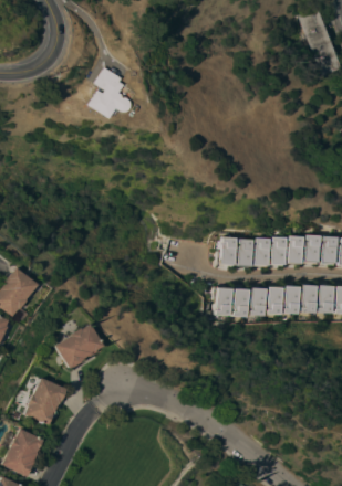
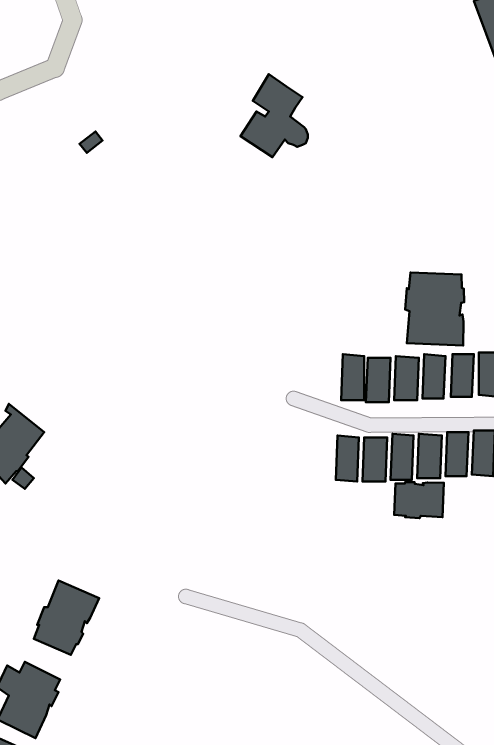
building: [82,66,124,118] -> [241,74,308,157]
building: none -> [405,272,464,345]
building: none -> [394,482,444,518]
building: [56,324,105,369] -> none

